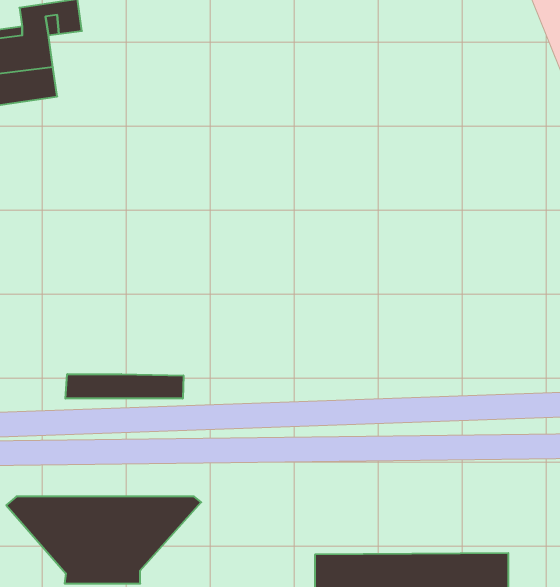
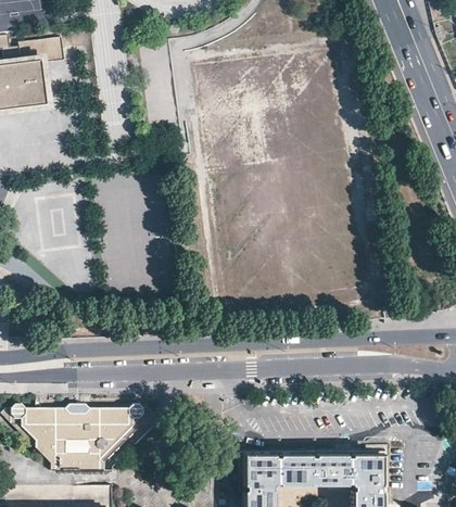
building: [65,374,183,399] -> none

